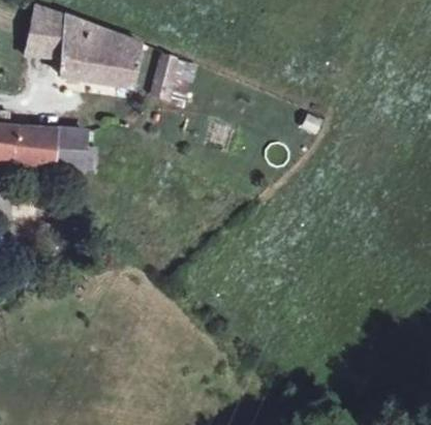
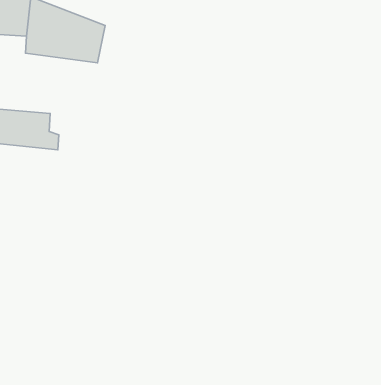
building: [151,57,180,98] -> none

